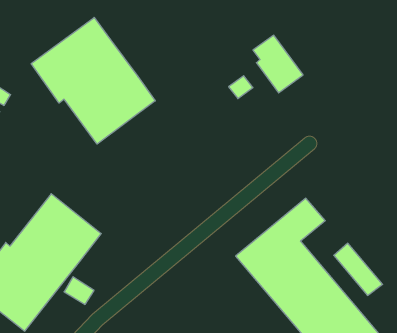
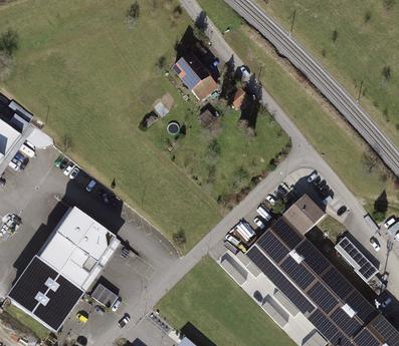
building: [31,17,155,144] -> none
building: [253,35,303,93] -> [173,52,220,104]

